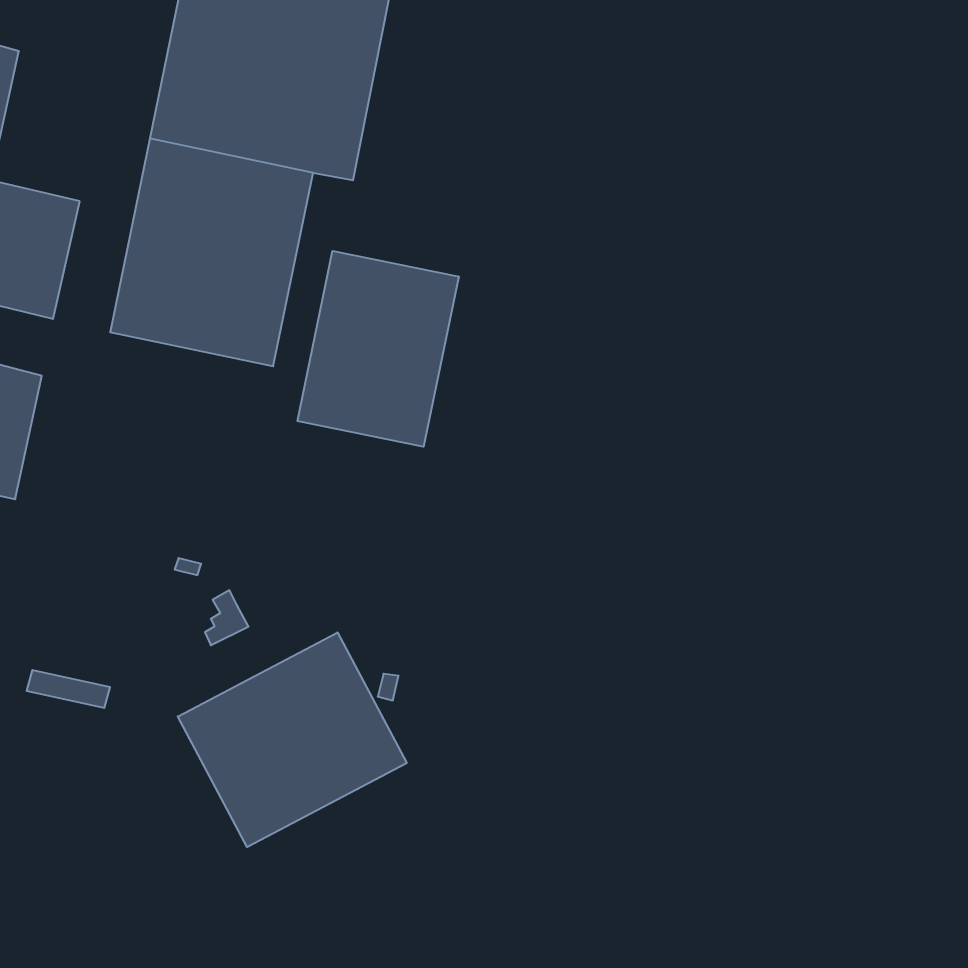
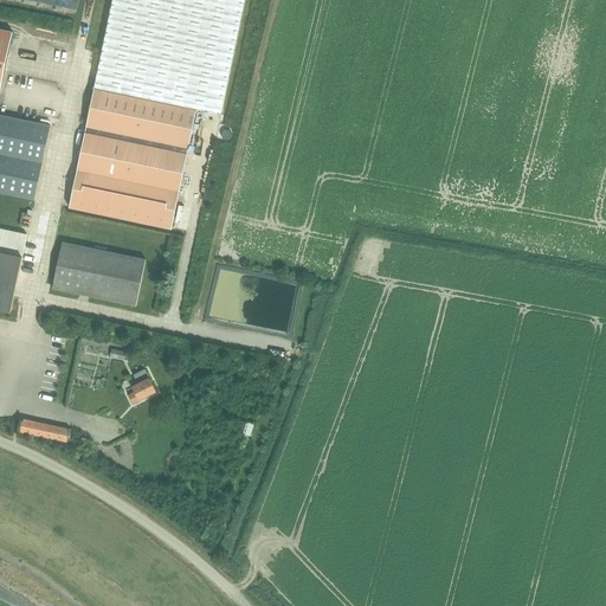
building: [298,251,459,447] -> none
building: none -> [51,241,144,305]
building: [178,632,407,847] -> none

